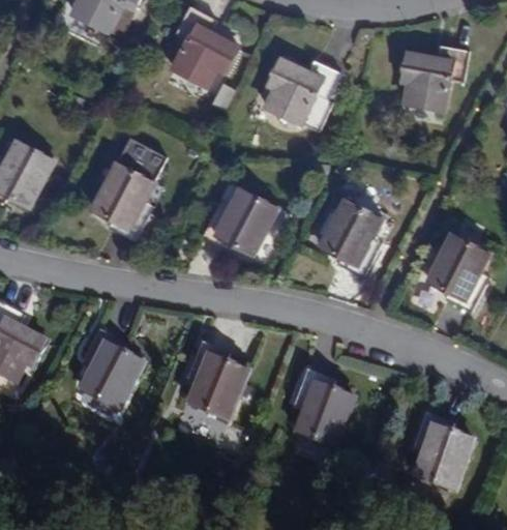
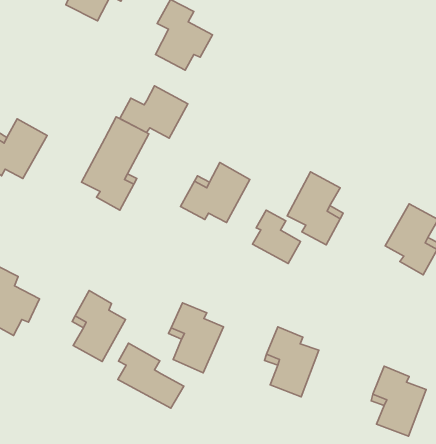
building: [400,45,468,111] -> none
building: [264,57,338,130] -> none
building: none -> [120,86,188,138]
building: none -> [253,210,300,263]
building: none -> [118,343,184,408]

